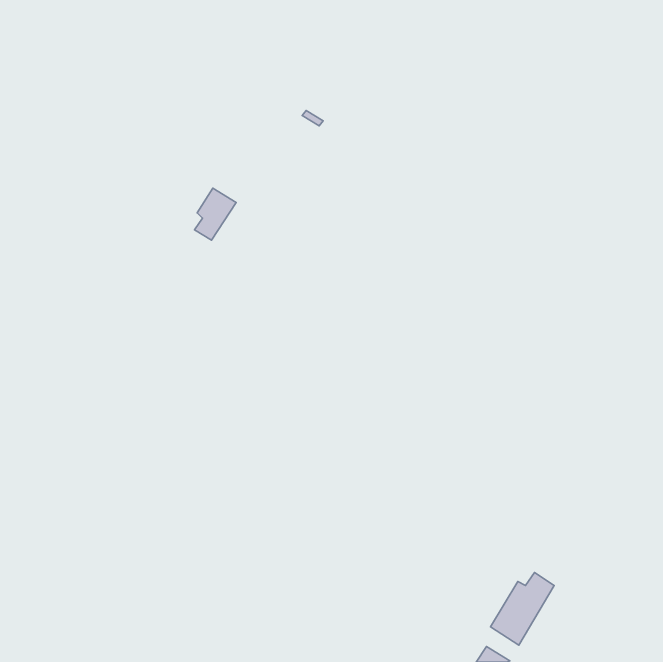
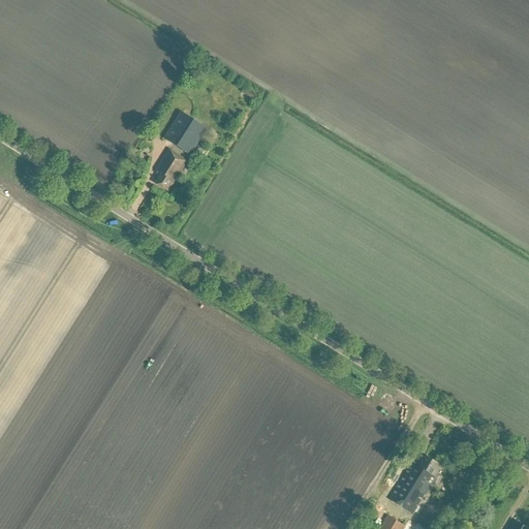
building: none -> [164,112,208,155]

